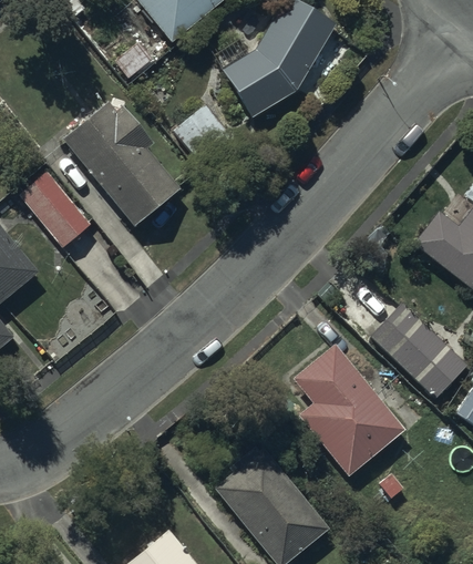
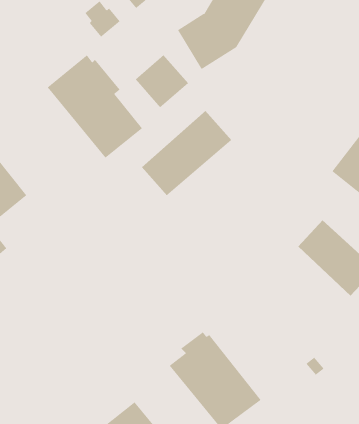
building: none -> [141,110,232,196]
building: [20,171,92,246] -> none
building: [292,346,403,476] -> none

